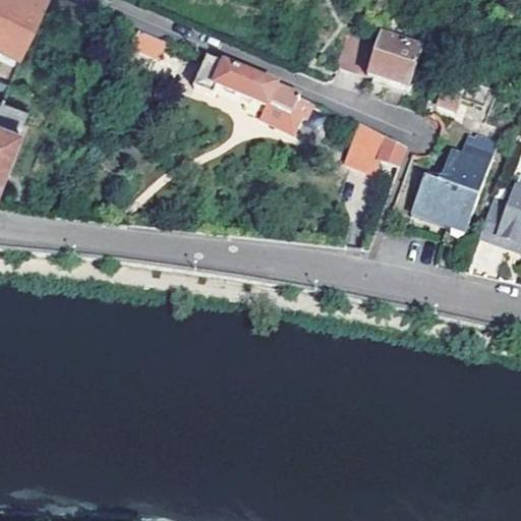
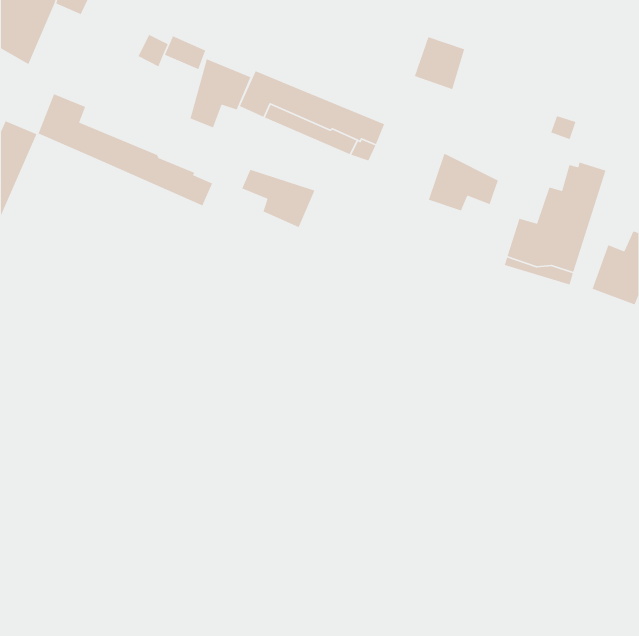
building: [368,34,422,86] -> none
building: none -> [190,58,251,129]
building: none -> [38,93,213,206]
building: none -> [241,169,316,228]

